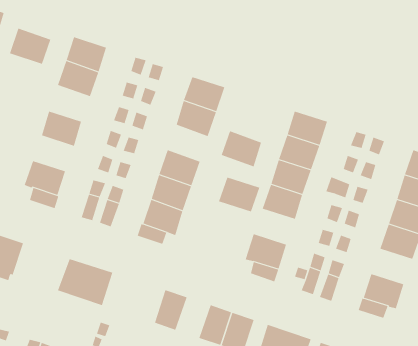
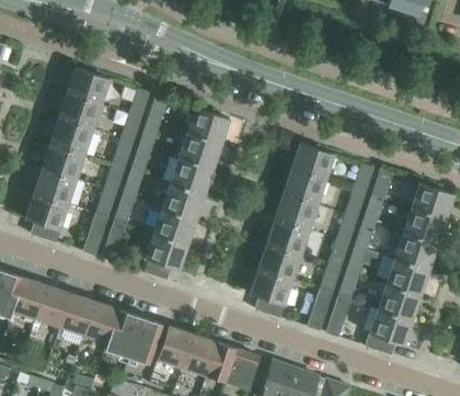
building: [9,28,51,64] -> [50,117,93,155]
building: [221,130,262,167] -> [171,158,212,195]
building: none -> [34,169,77,205]
building: [218,177,260,212] -> [258,244,301,280]
building: none -> [14,279,71,327]
building: none -> [378,284,421,320]
building: none -> [105,308,162,363]
building: none -> [180,333,215,375]

